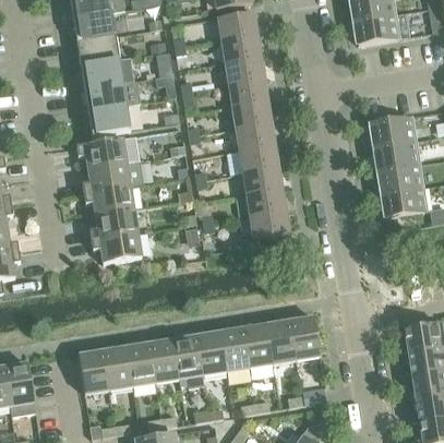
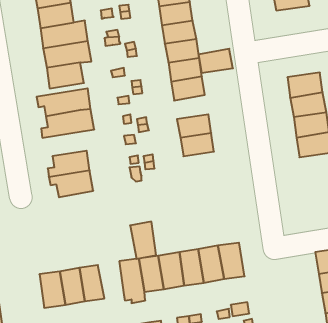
building: [237,143,277,171] -> [199,49,233,73]
building: [82,185,134,215] -> none
building: [248,209,287,237] -> none
building: [147,338,178,382] -> [130,222,156,259]

